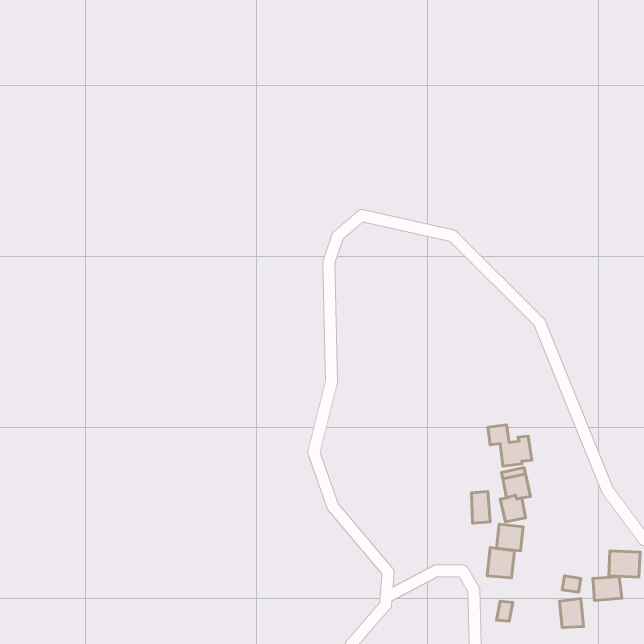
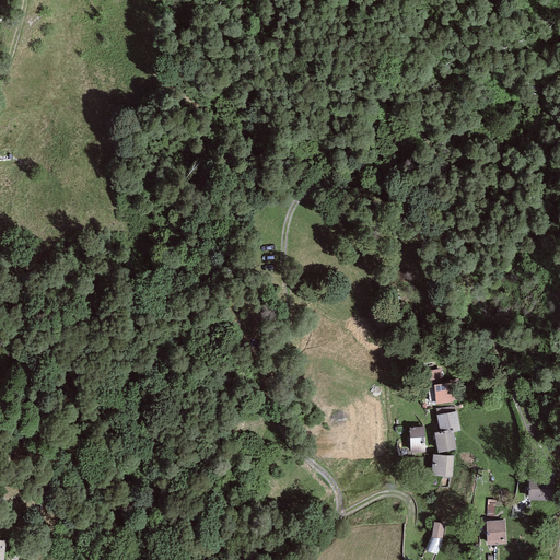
building: [487,548,515,578] -> none
building: [593,576,622,601] -> none

